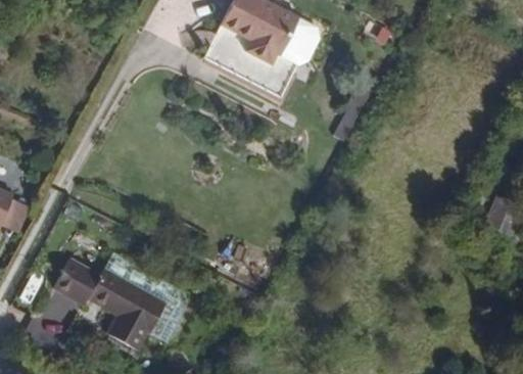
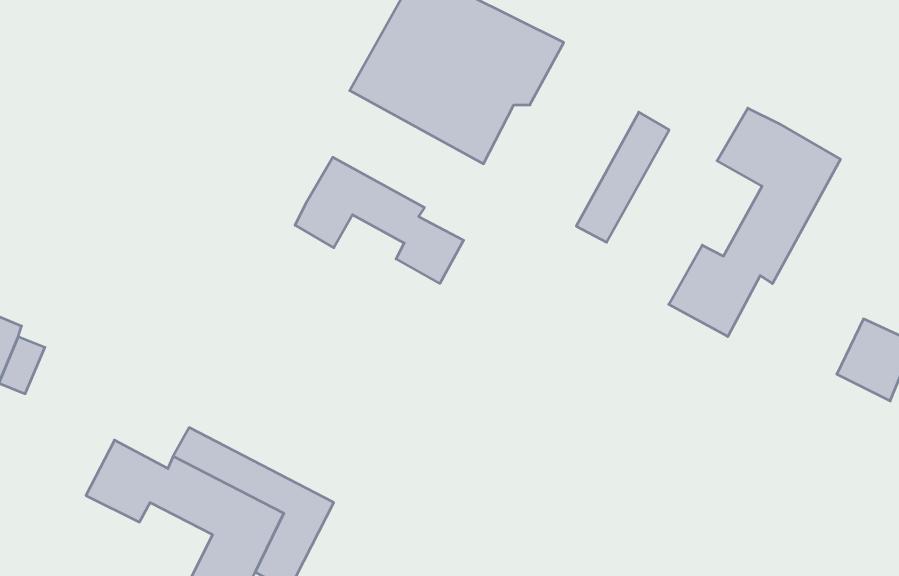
building: none -> [669,108,840,337]
building: none -> [295,157,464,283]

